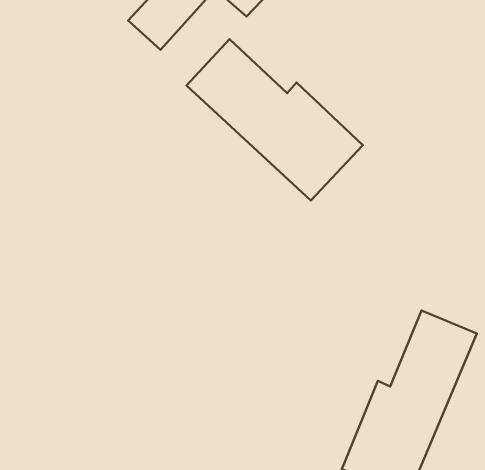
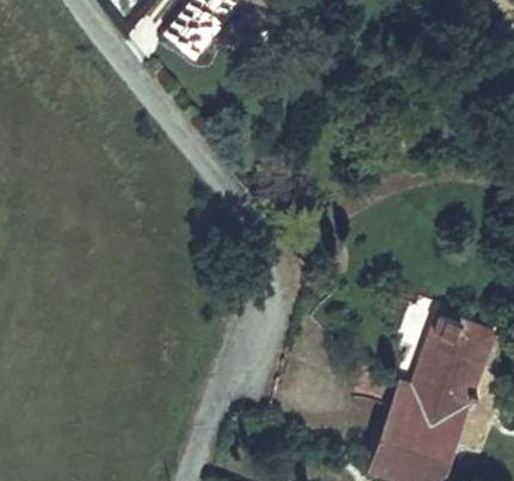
building: [186,39,363,201] -> none

